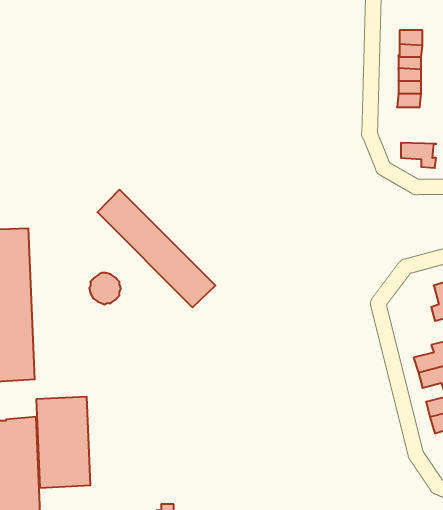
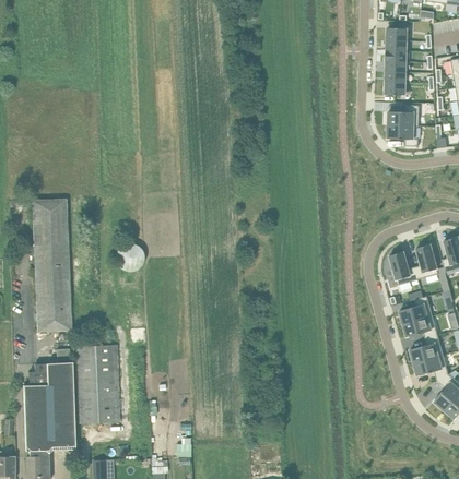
building: none -> [388,105,419,125]
building: [97,190,215,307] -> none
building: none -> [389,251,417,285]

